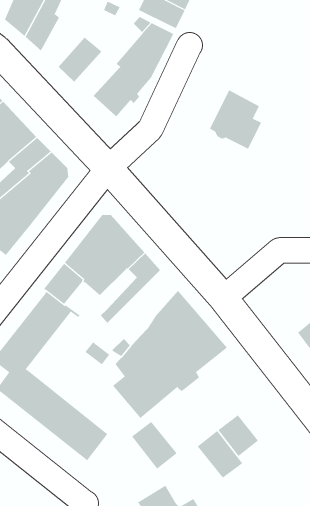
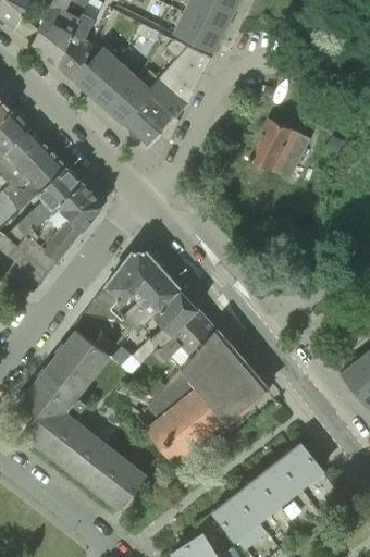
building: none -> [71,40,116,92]
building: none -> [106,76,153,124]
building: none -> [144,307,215,370]
building: none -> [279,442,322,486]
building: [131,421,177,470] -> [213,493,262,544]

